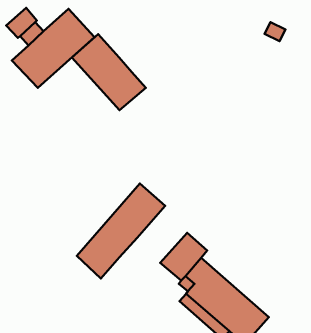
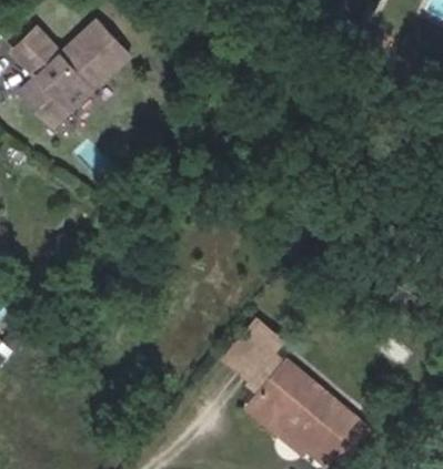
building: [72,34,146,110] -> none
building: [77,184,165,278] -> none

